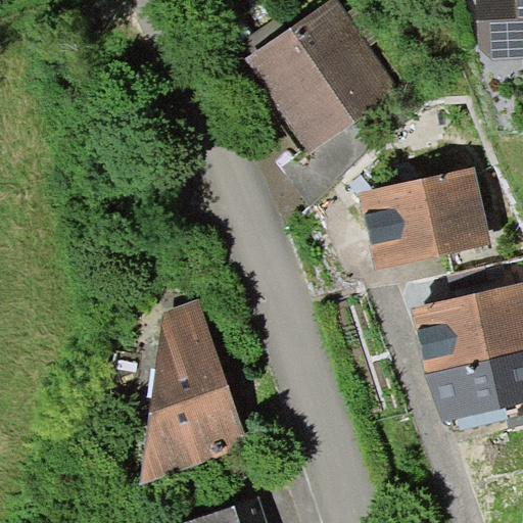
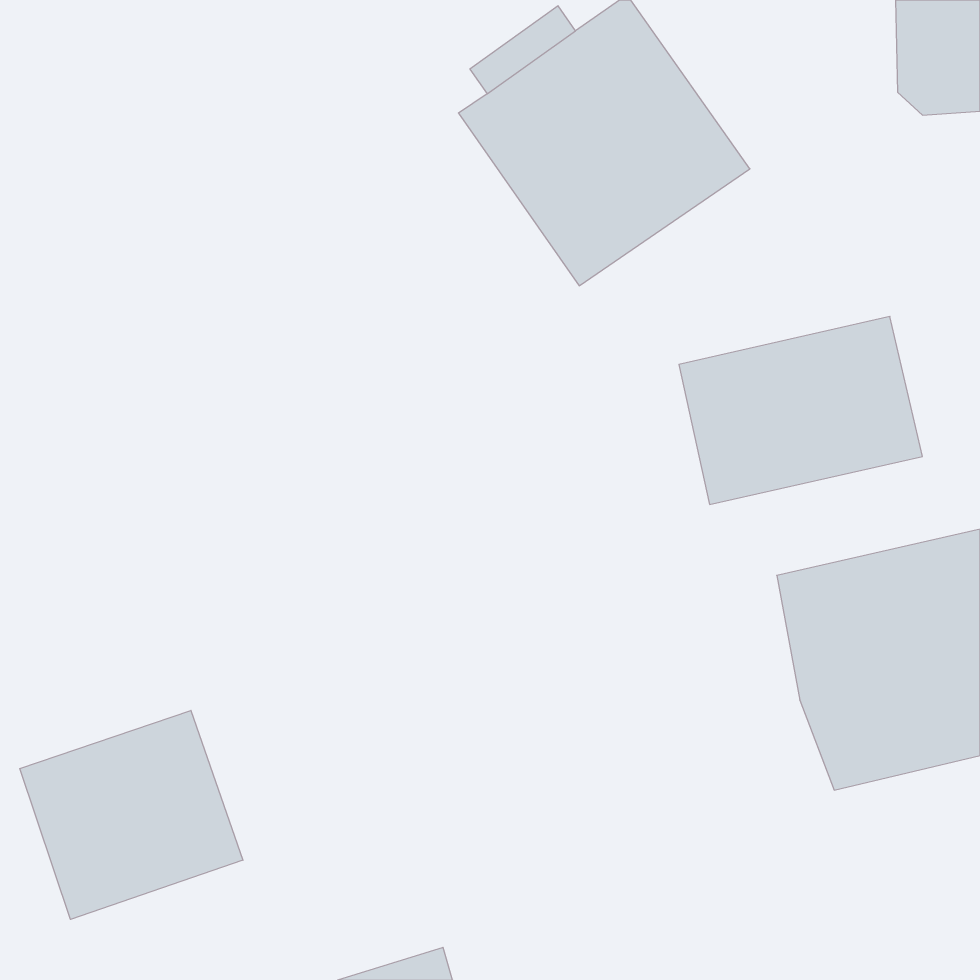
building: [141,299,251,485] -> none
building: none -> [20,710,243,919]

